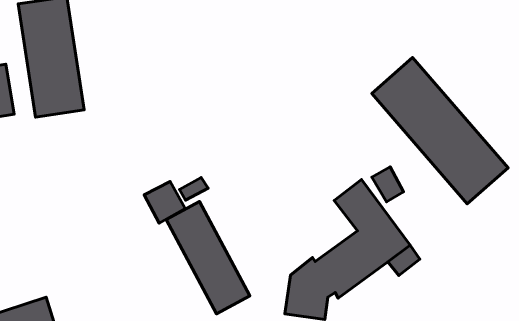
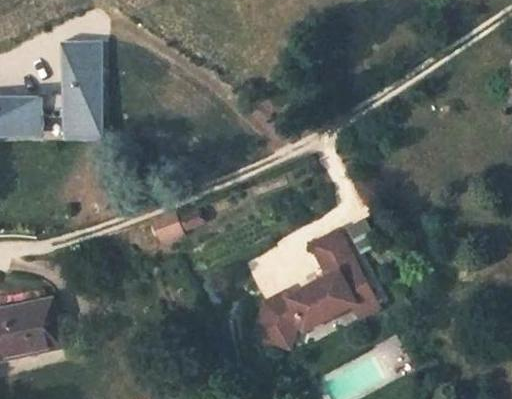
building: [372,58,508,204] -> none
building: [166,201,250,314] -> none

